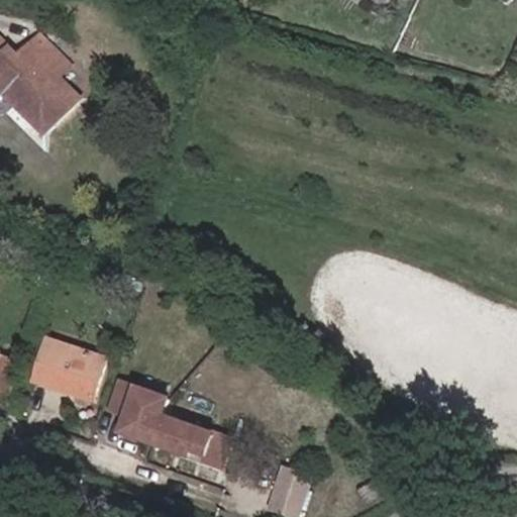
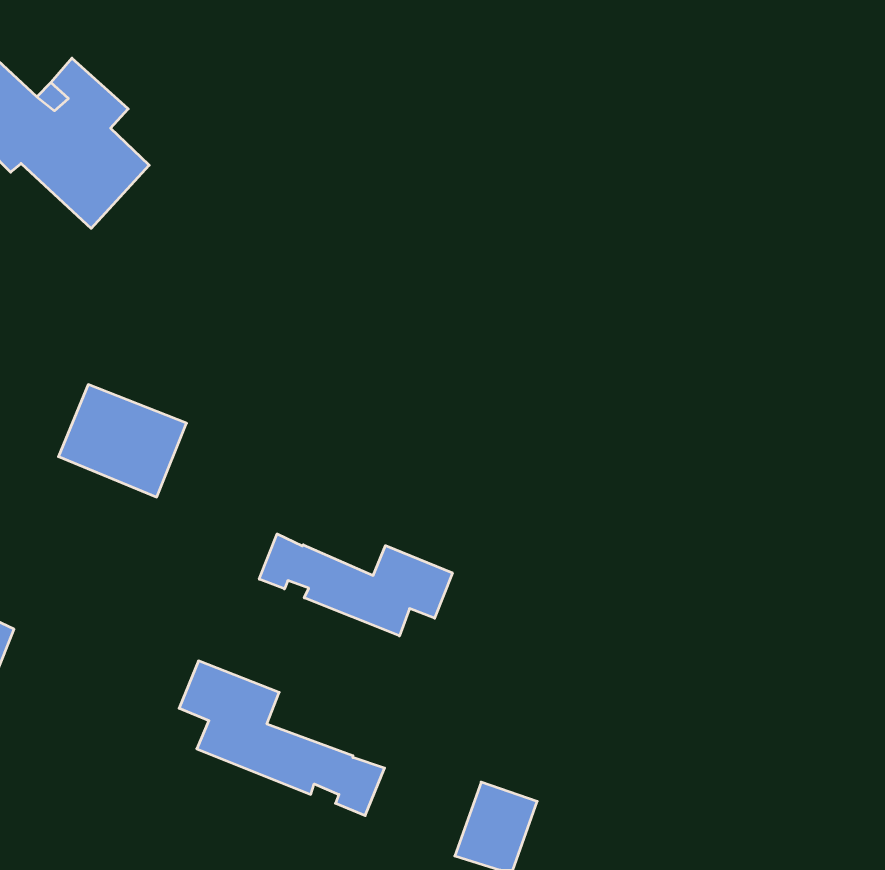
building: none -> [259,534,452,636]
building: [29,337,103,402] -> [58,385,187,497]

